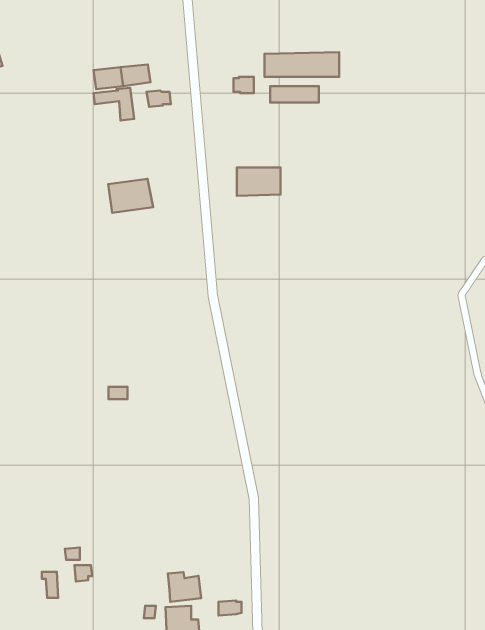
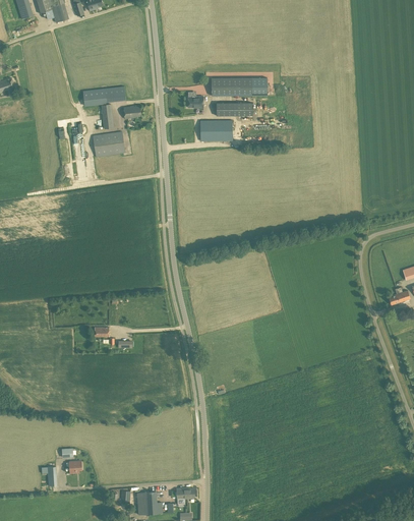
building: [237,167,280,196] -> [200,120,233,141]
building: [108,179,153,213] -> [93,131,126,157]
building: [168,572,201,602] -> none

